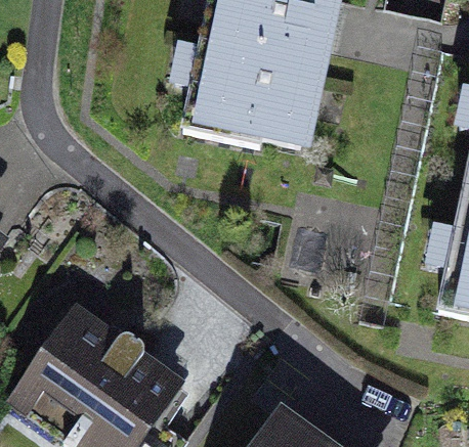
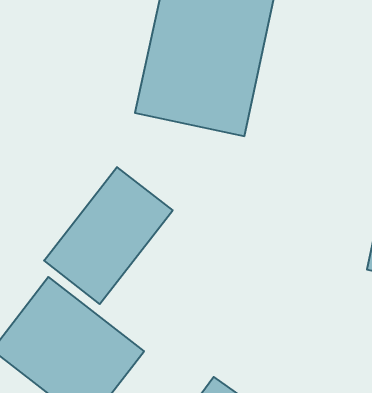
building: none -> [44,167,173,304]

